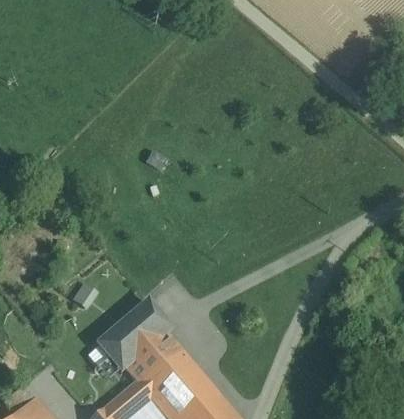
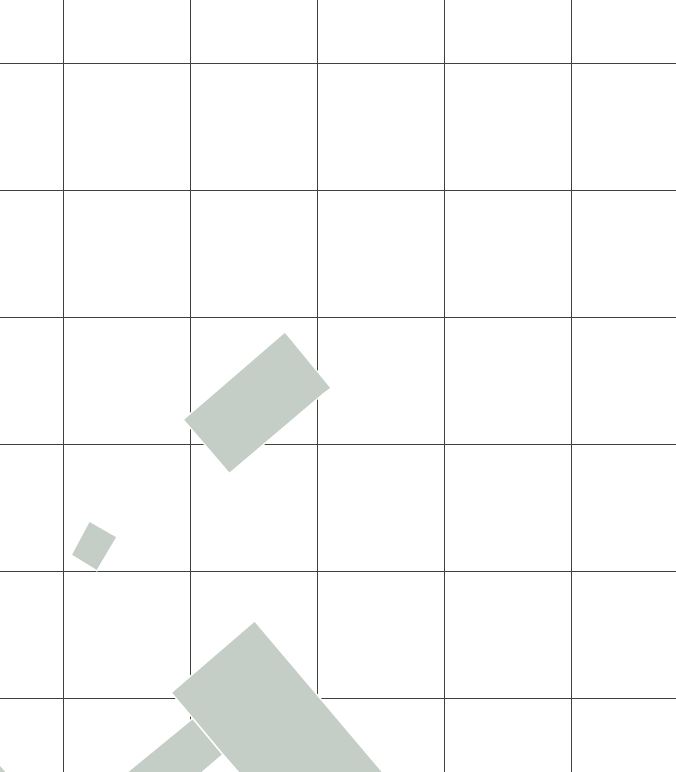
building: [98,302,172,373] -> [183,332,331,474]

